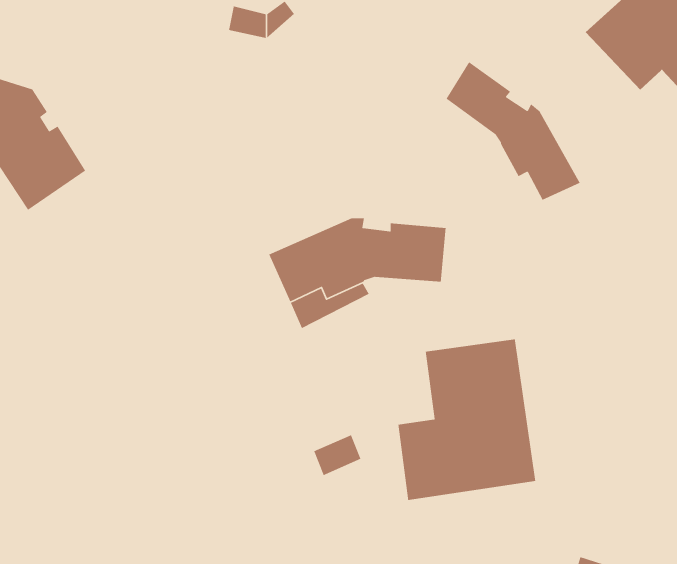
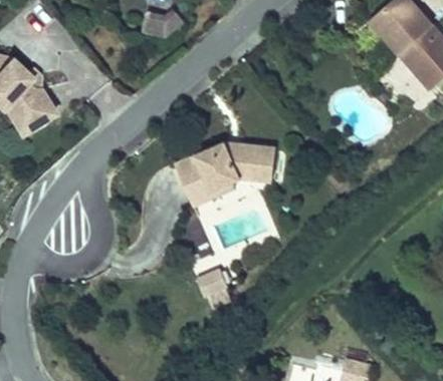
building: [446,61,581,201] -> none
building: [397,338,536,501] -> none

